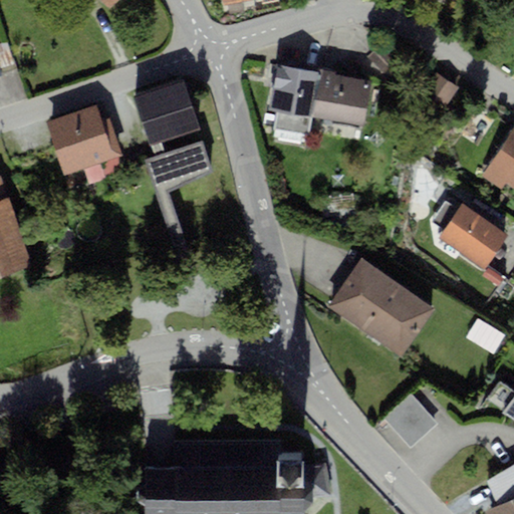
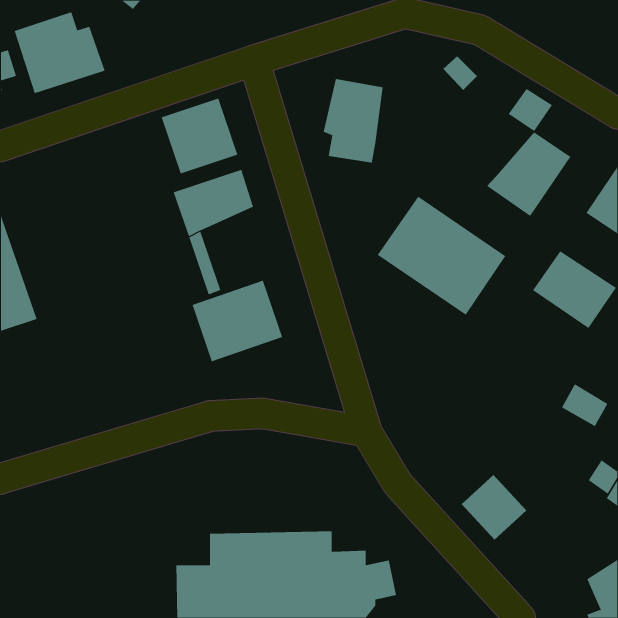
building: [312,68,371,126] -> none
building: [47,105,123,174] -> [14,12,106,94]
building: none -> [486,132,571,217]
building: none -> [192,280,283,362]
building: [326,259,434,358] -> [377,196,506,315]

